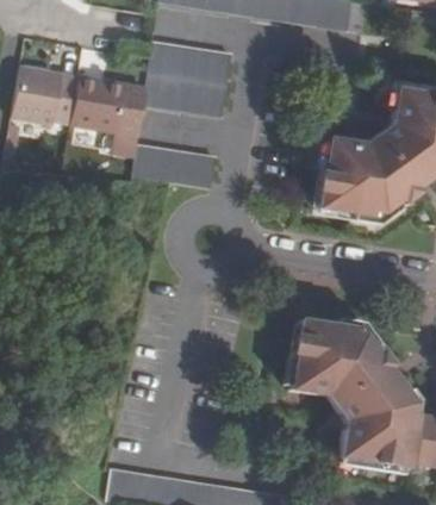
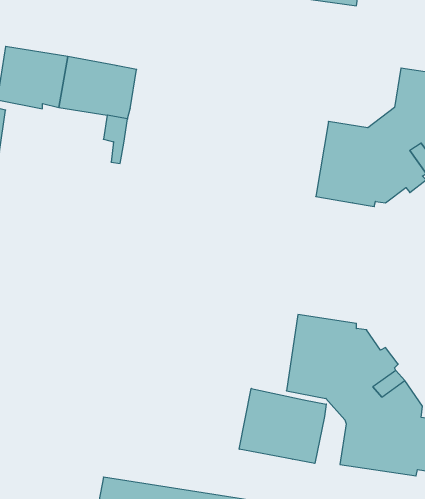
building: [142,39,235,117] -> none
building: [132,144,218,188] -> none
building: none -> [239,388,326,463]

